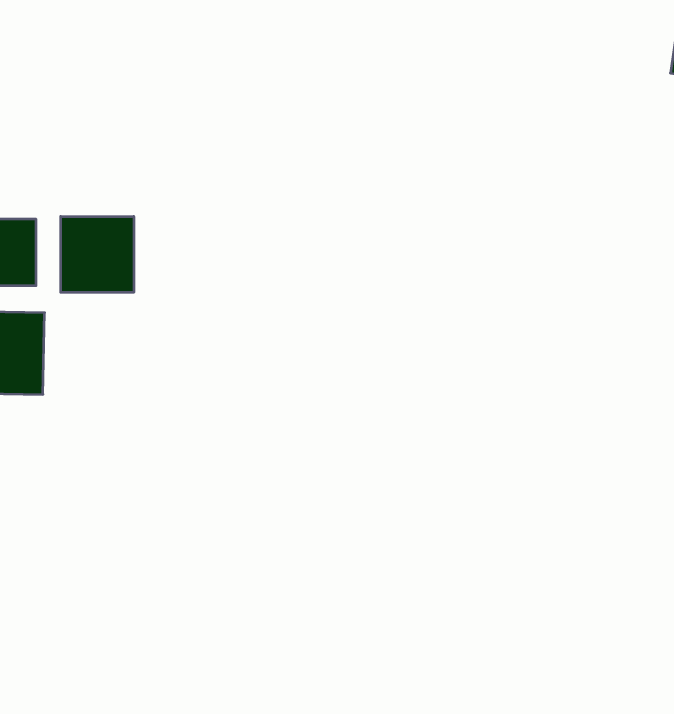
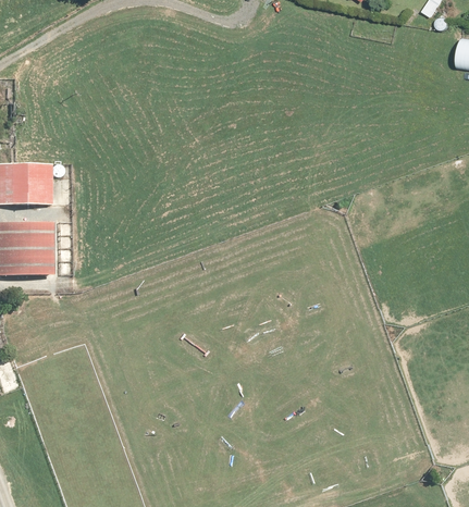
building: [61,216,134,292] -> none

